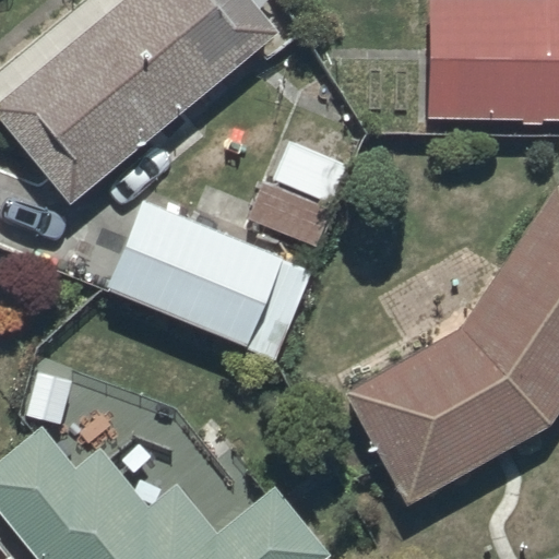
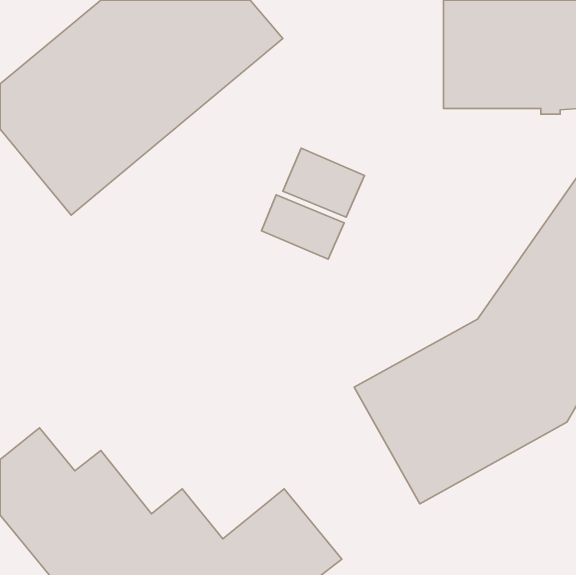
building: [109,210,311,364] -> none

